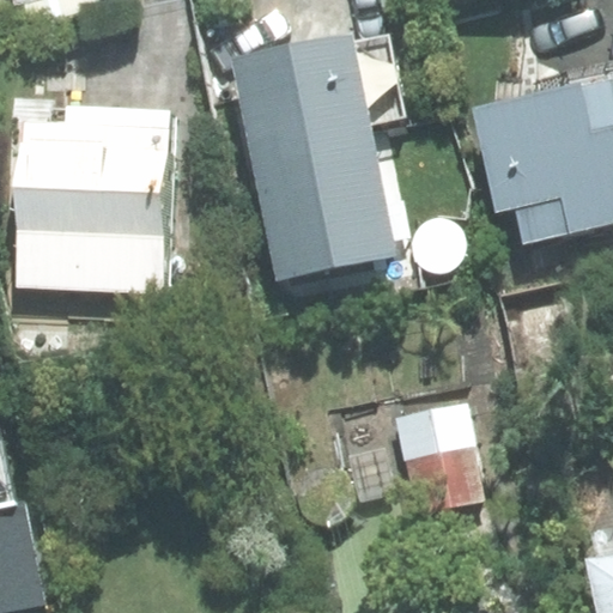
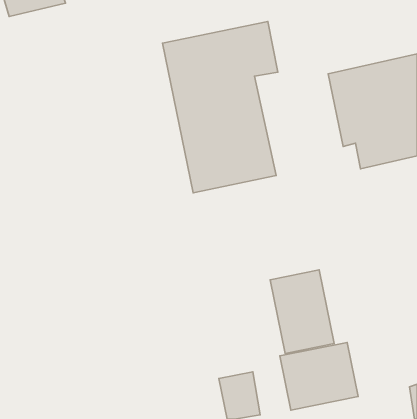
building: [12,105,171,291] -> none
building: none -> [280,342,358,410]

